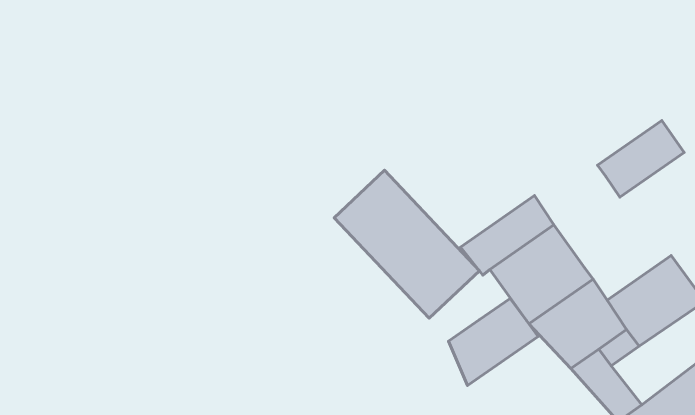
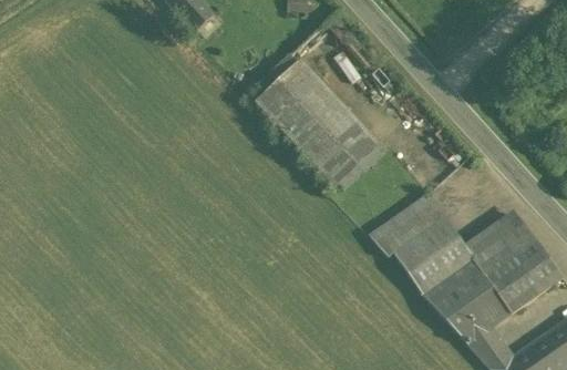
building: [598,121,684,197] -> [470,215,538,276]
building: [334,170,479,318] -> [261,64,377,182]
building: [448,298,538,386] -> none

